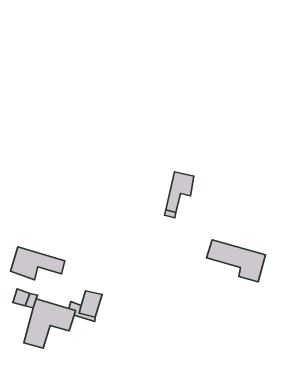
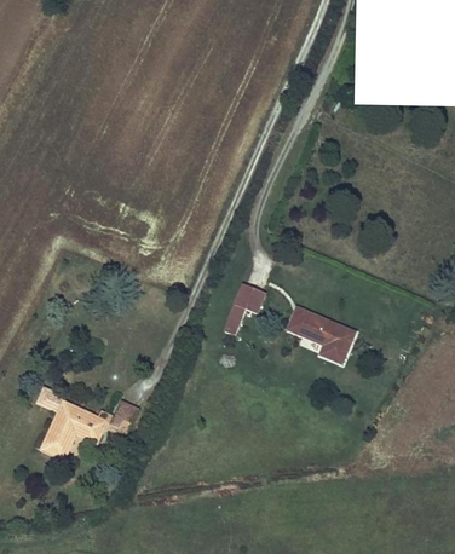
building: [207,240,265,282] -> [287,307,353,363]
building: [11,247,65,280] -> none

